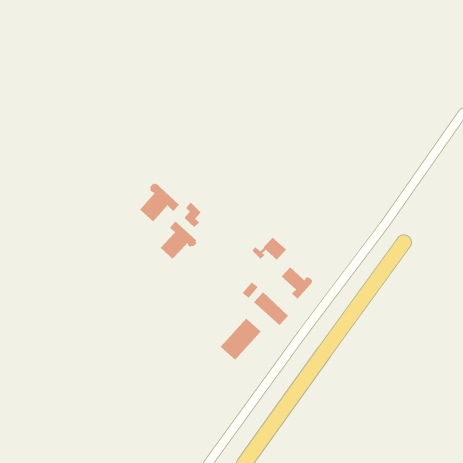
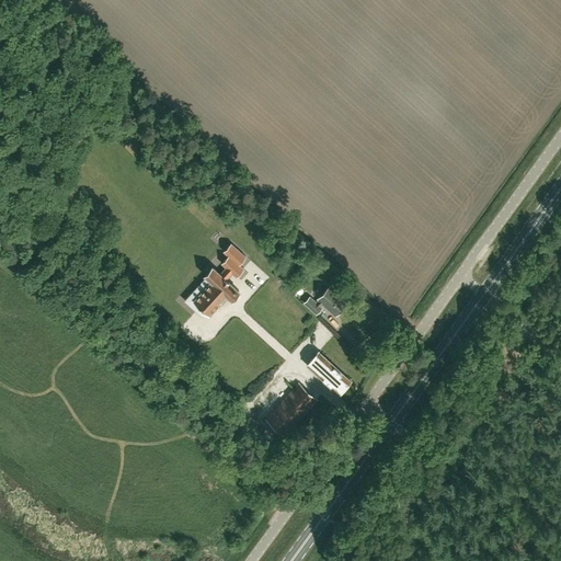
building: [139,183,180,222] -> none
building: [281,267,313,299] -> none

